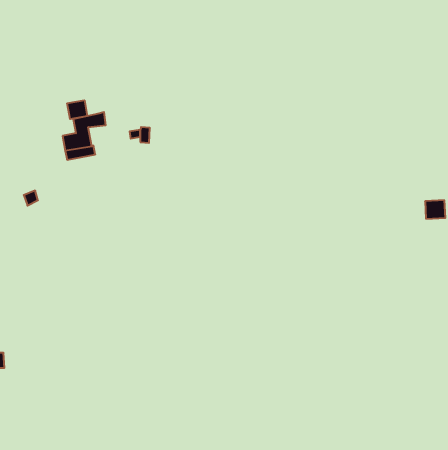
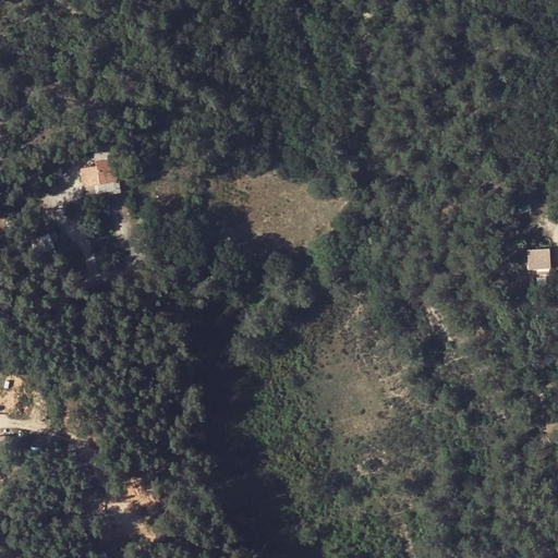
building: [67,100,87,119] -> none

